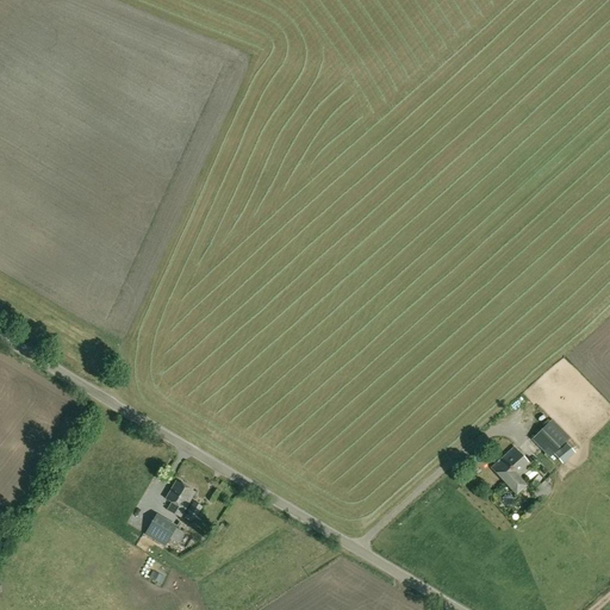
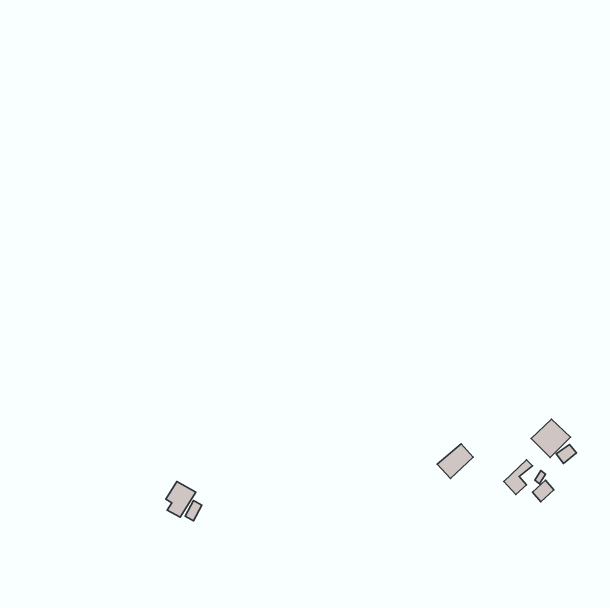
building: [490,446,525,480] -> [437,444,473,479]
building: [145,513,176,544] -> none

